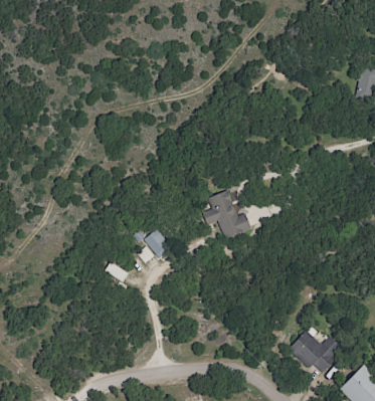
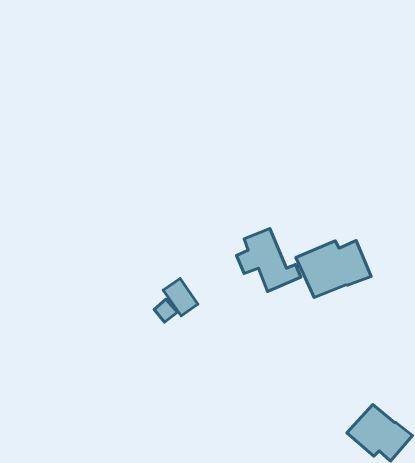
building: none -> [296,241,371,298]

